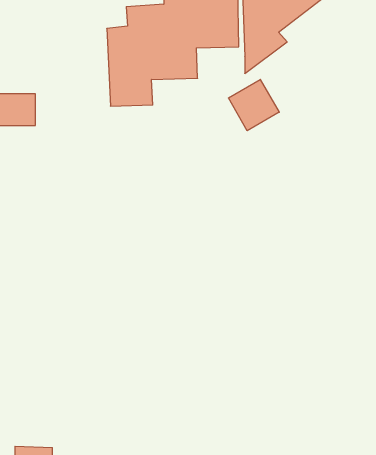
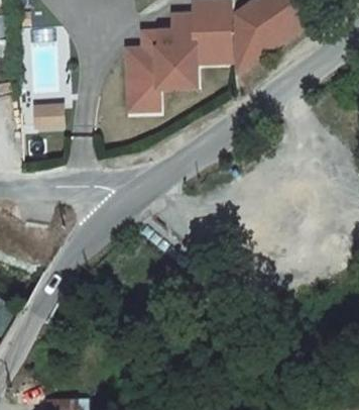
building: [228,79,279,131] -> none

